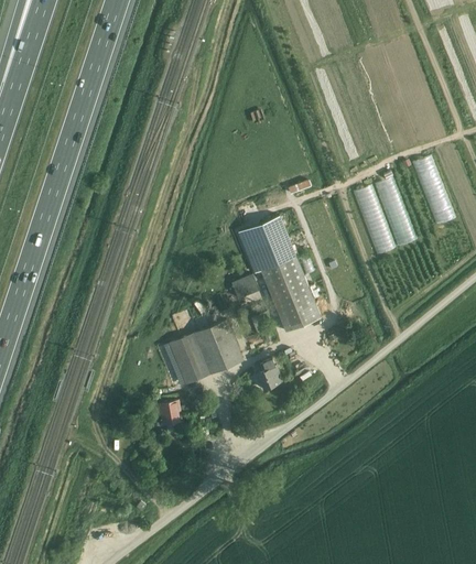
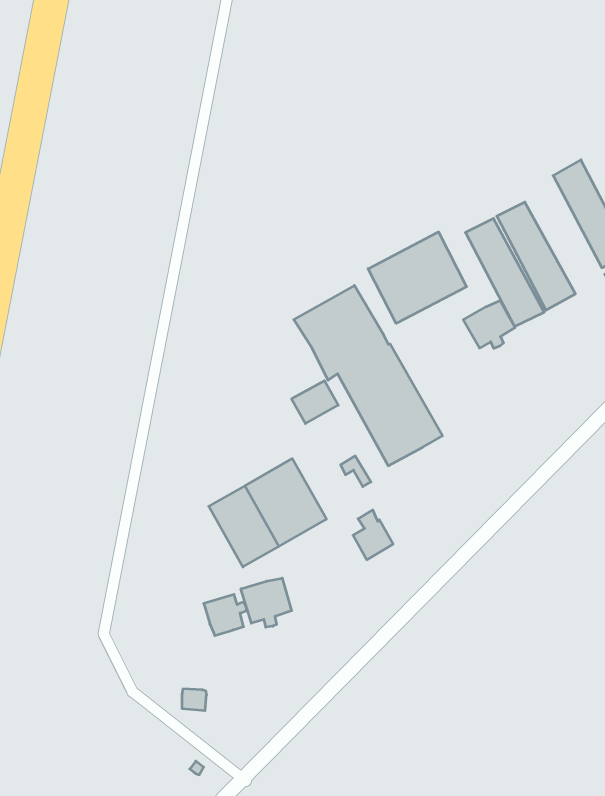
building: none -> [368,232,467,323]
building: none -> [463,300,515,348]
building: none -> [241,578,292,627]

